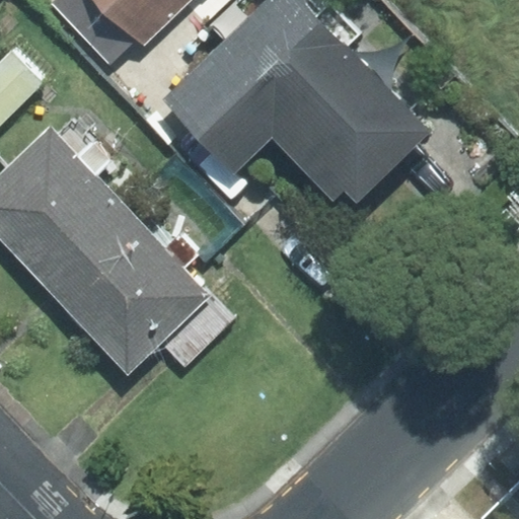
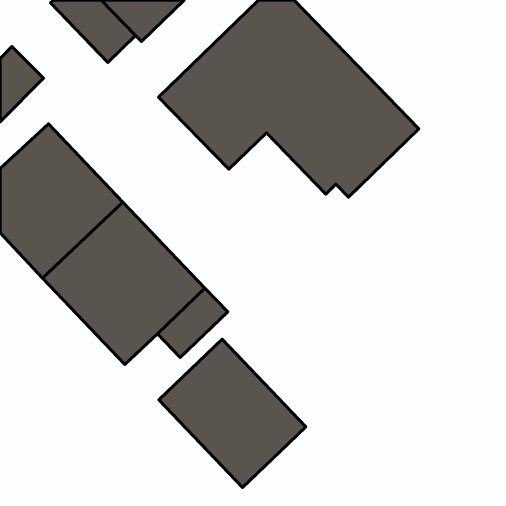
building: none -> [159,339,306,487]

